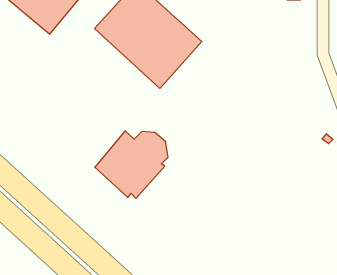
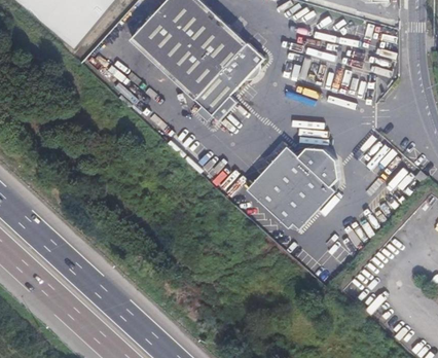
building: [95,131,168,198] -> [246,146,337,230]

